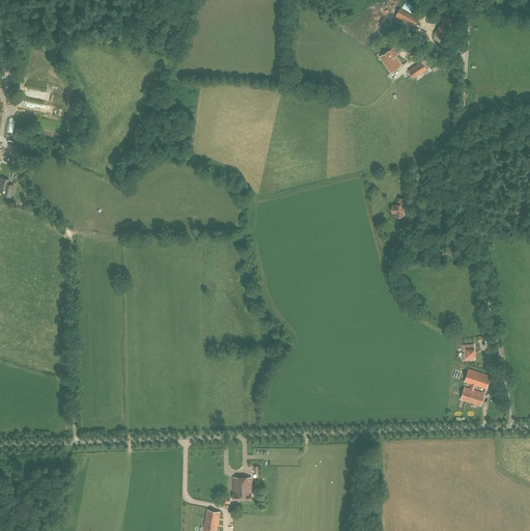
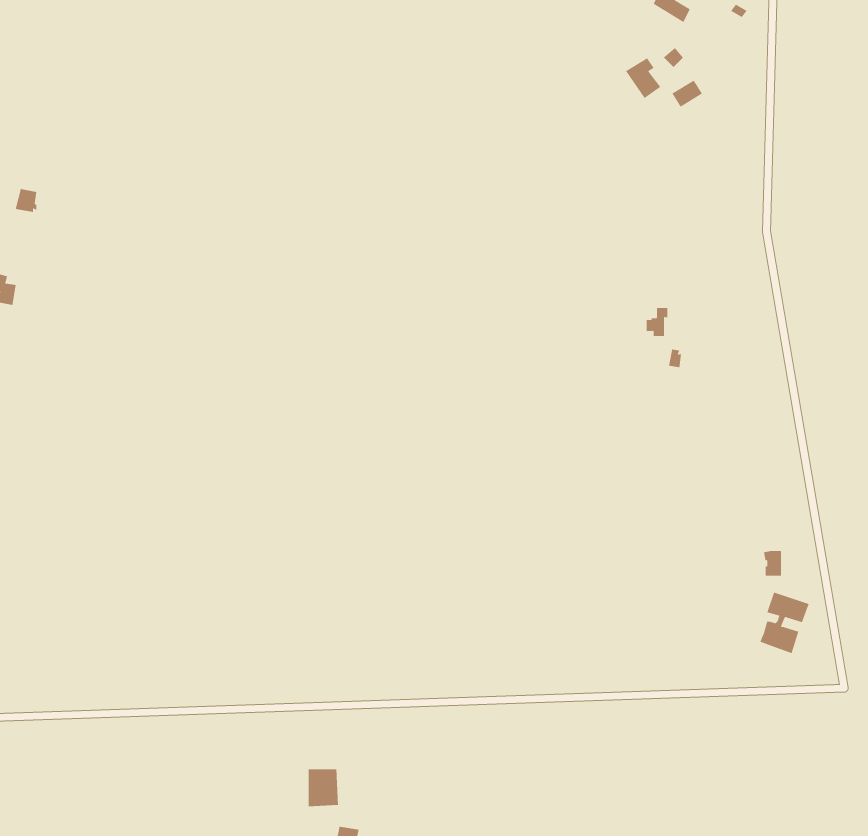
building: [232,478,251,501] -> [308,769,339,807]

